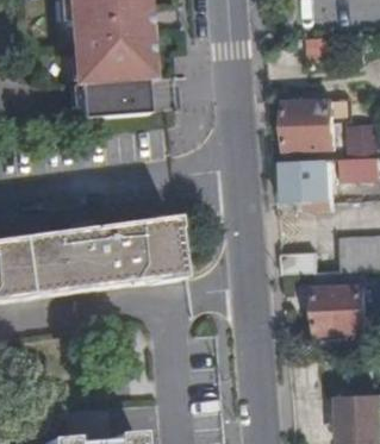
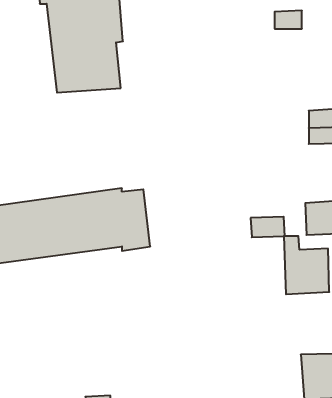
building: [289,96,337,145] -> none
building: [286,156,335,207] -> none

